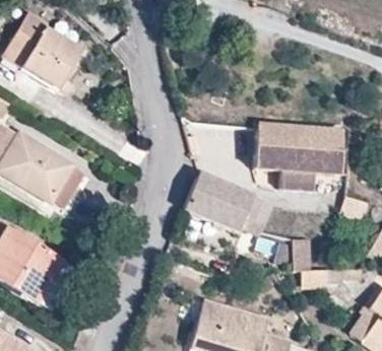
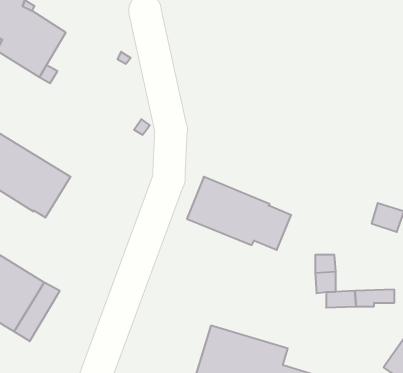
building: [255,124,343,191] -> none

